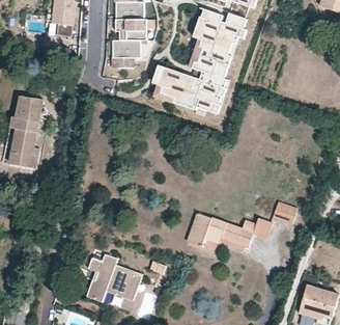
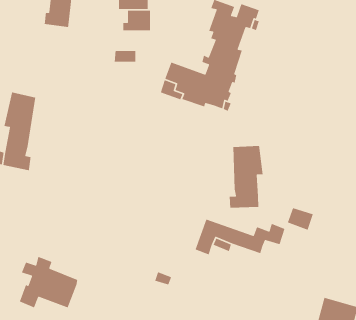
building: [114,38,141,56] -> none
building: none -> [229,145,264,208]
building: [87,251,142,300] -> [19,256,78,309]

